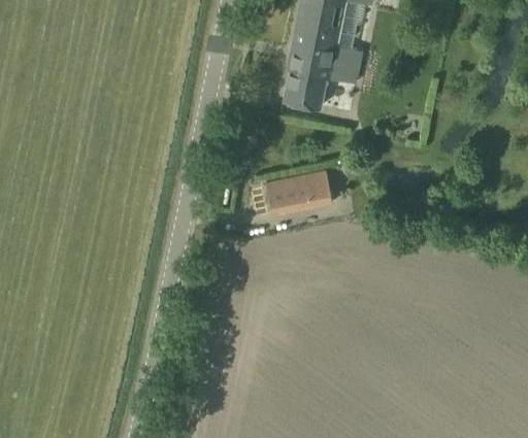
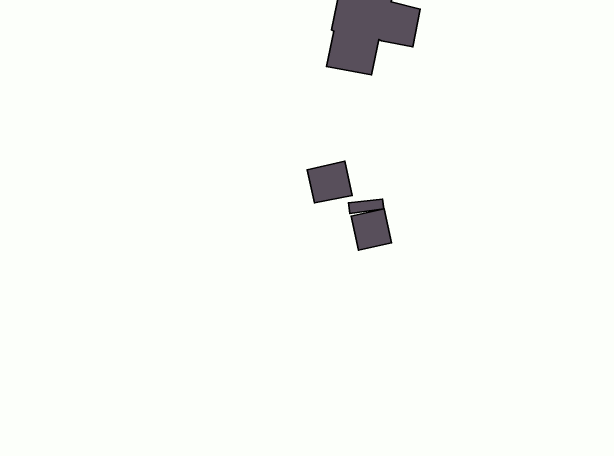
building: [298,172,332,207] -> [351,209,391,250]

